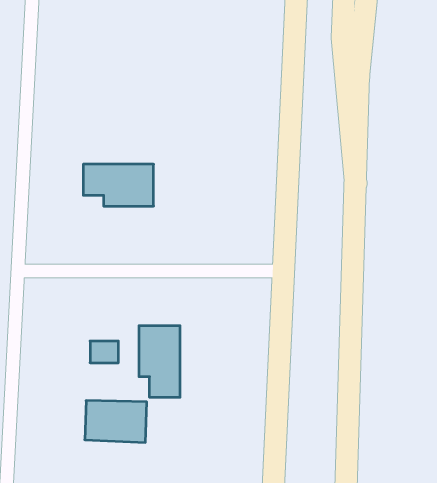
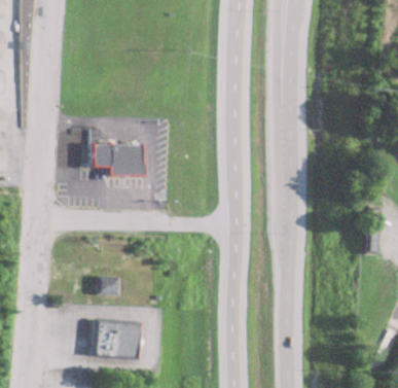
building: [139,326,180,397] -> none

